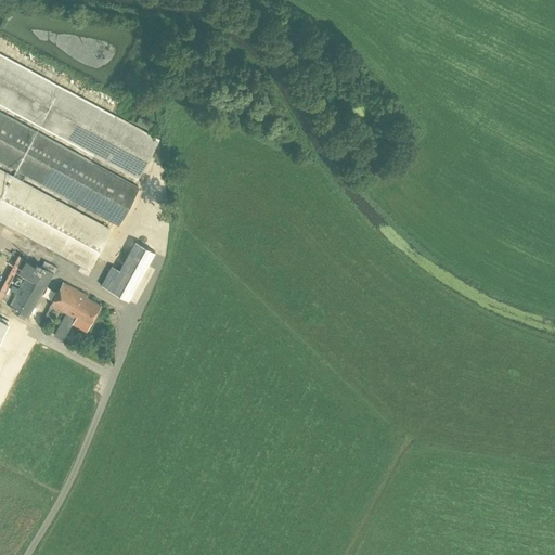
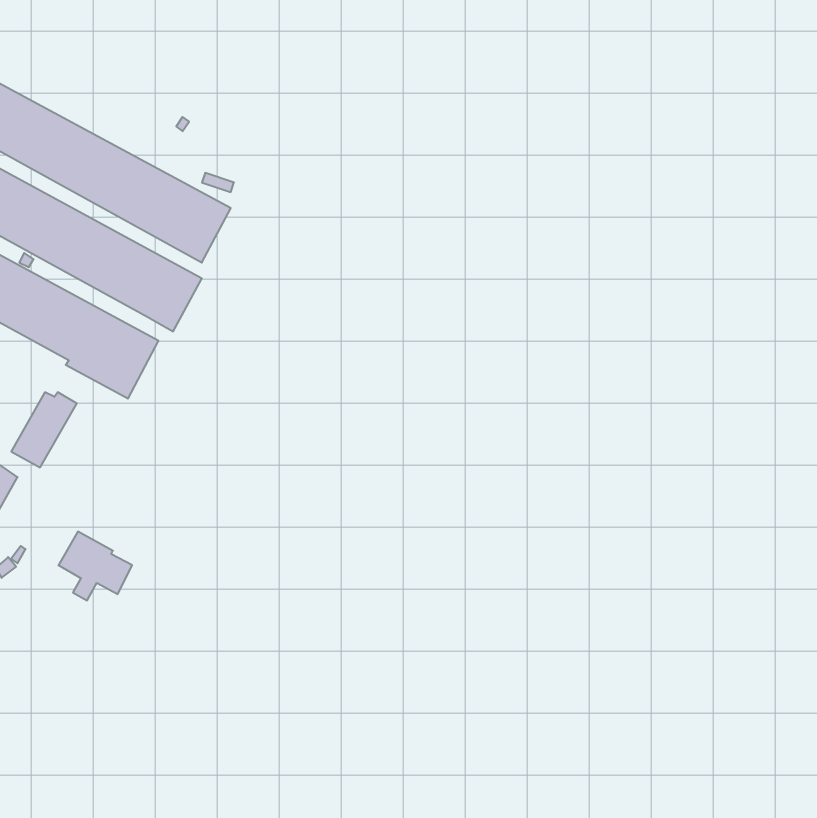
building: [100,242,153,300] -> none
building: [49,282,99,328] -> [58,532,132,600]

